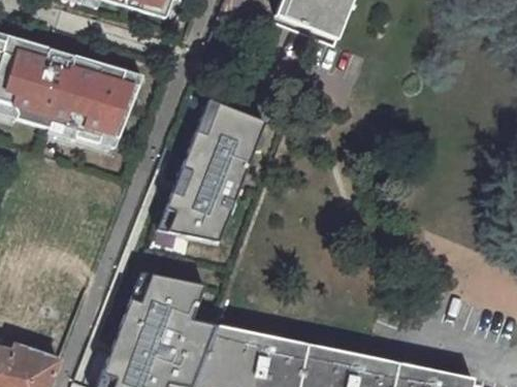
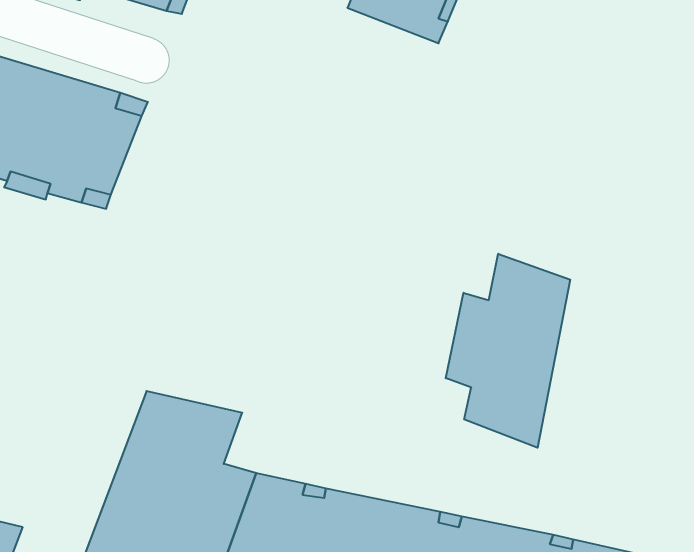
building: [159,96,264,238] -> none
building: none -> [446,254,570,448]

